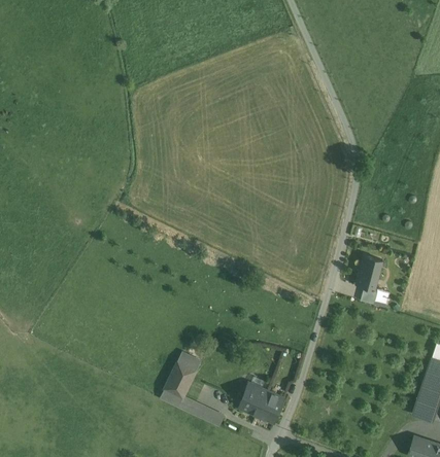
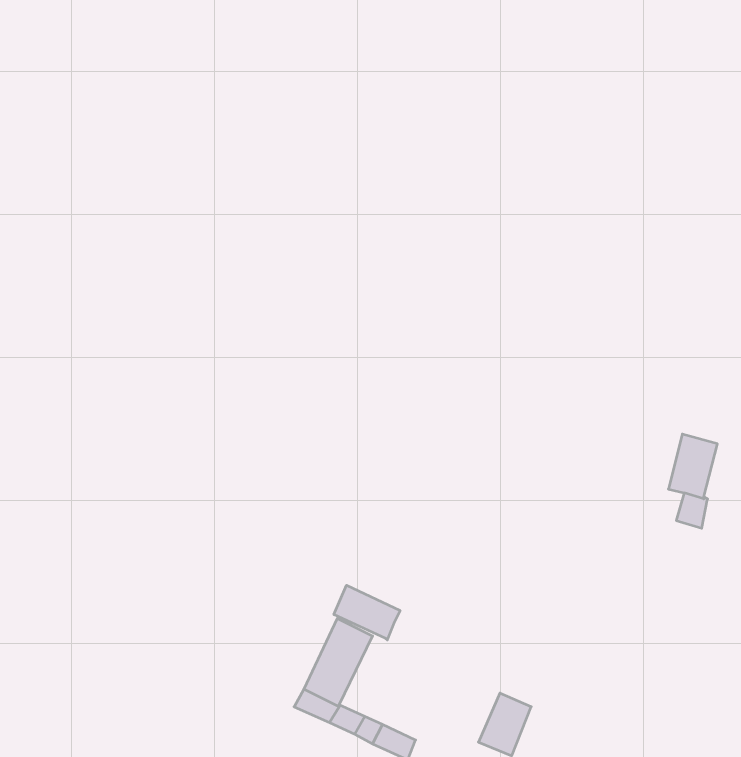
building: none -> [334,585,400,640]
building: [238,382,268,416] -> none

